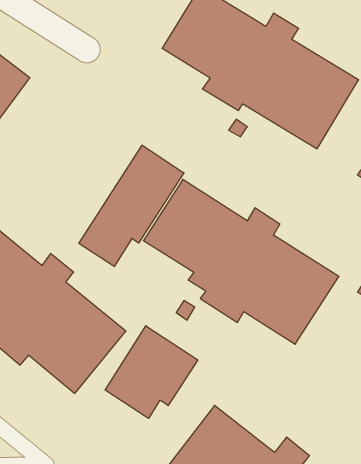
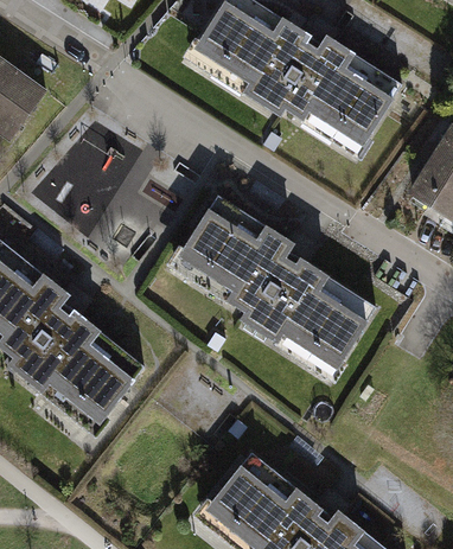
building: [79,145,184,267] -> none
building: [105,326,198,418] -> none

